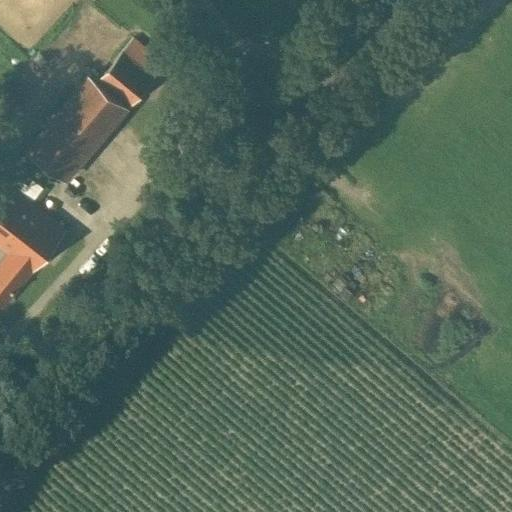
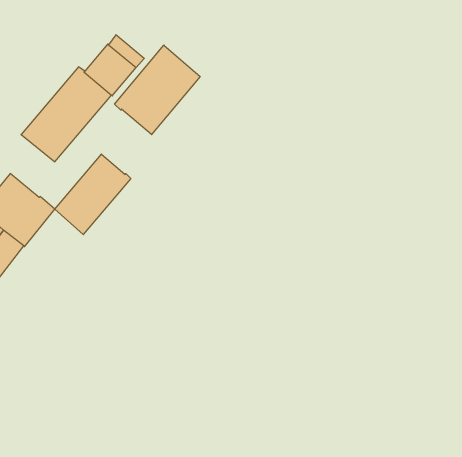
building: none -> [115,45,200,135]
building: none -> [55,154,131,235]

